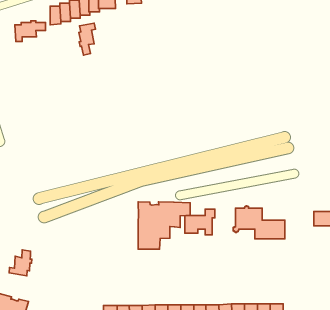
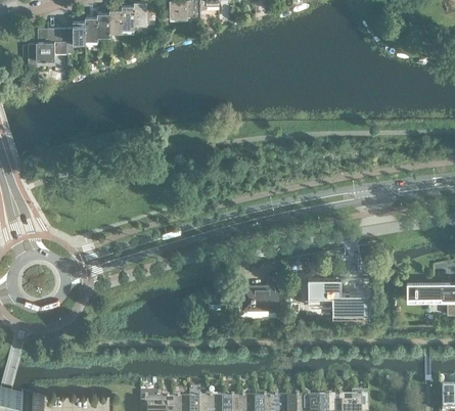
building: [79,23,96,55] -> none
building: [138,202,190,249] -> none
building: [9,250,32,276] -> none

